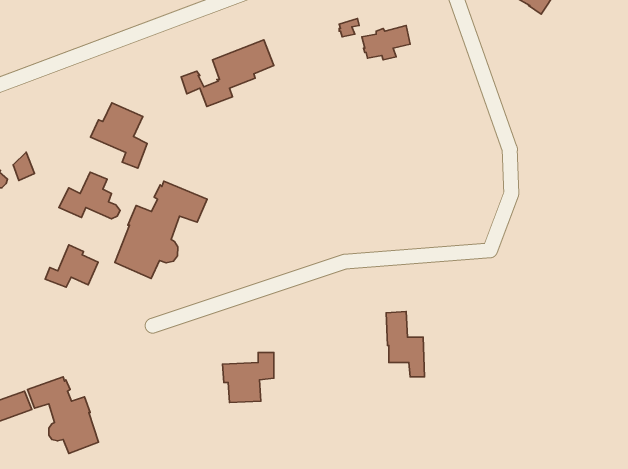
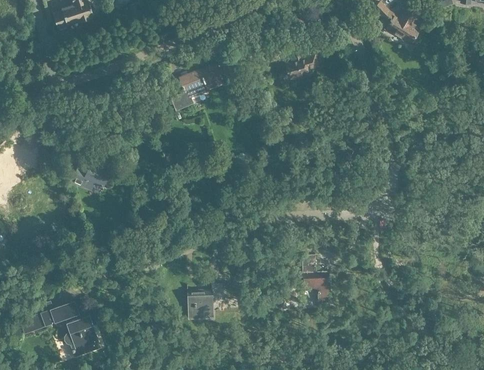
building: [90,103,147,168] -> none
building: [115,181,207,278] -> none
building: [45,245,98,287] -> none

